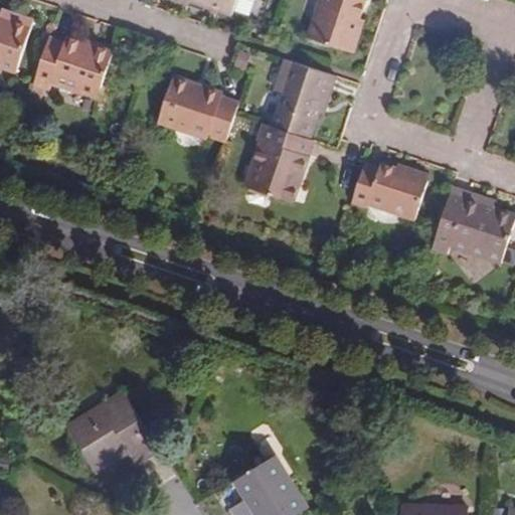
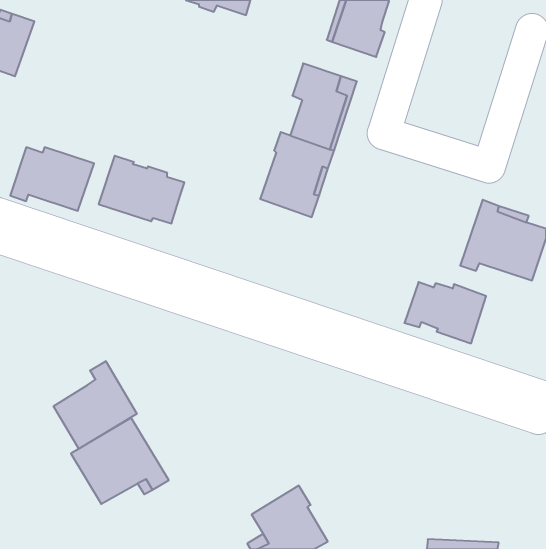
building: [32,37,111,97] -> [10,147,94,211]
building: [157,77,237,141] -> [99,156,184,223]
building: [351,163,427,220] -> [404,282,486,343]
building: none -> [54,361,137,449]

